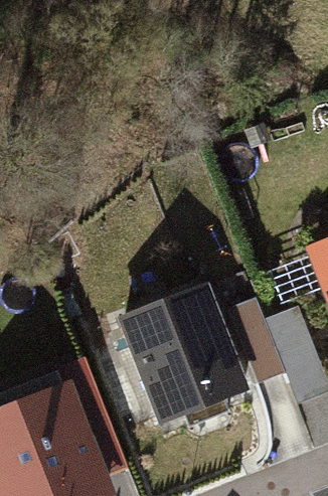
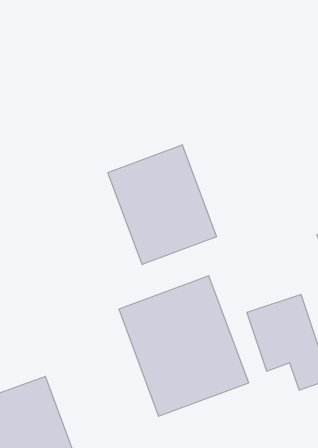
building: none -> [108,145,216,265]

